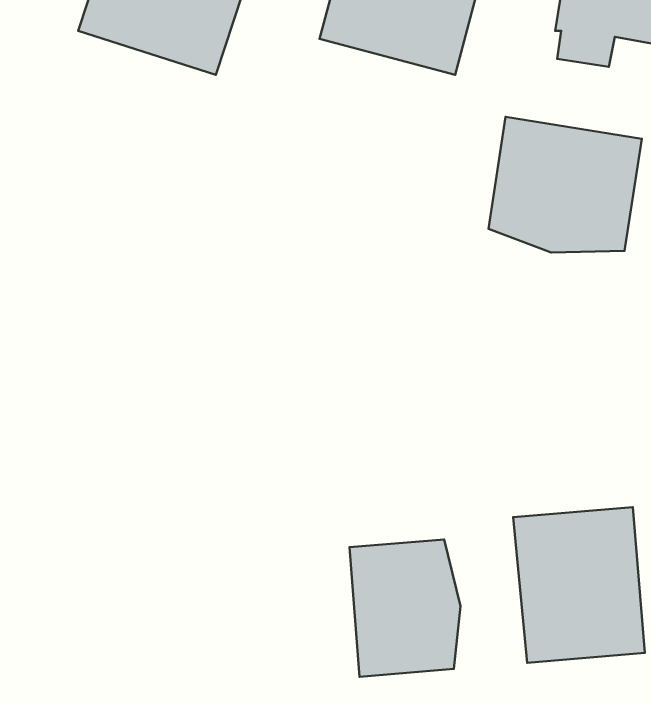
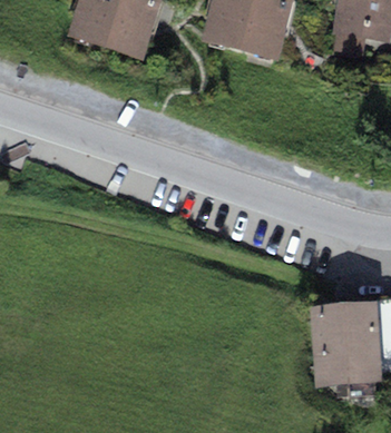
building: [488,117,642,252] -> none
building: [350,539,460,677] -> none

